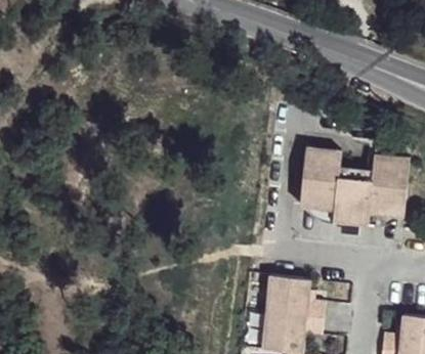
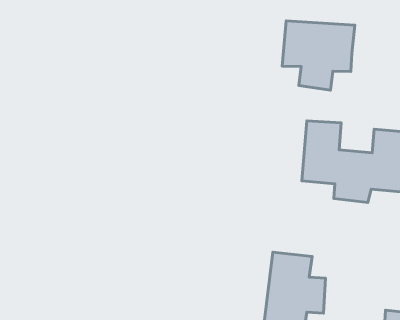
building: none -> [282,21,355,90]

